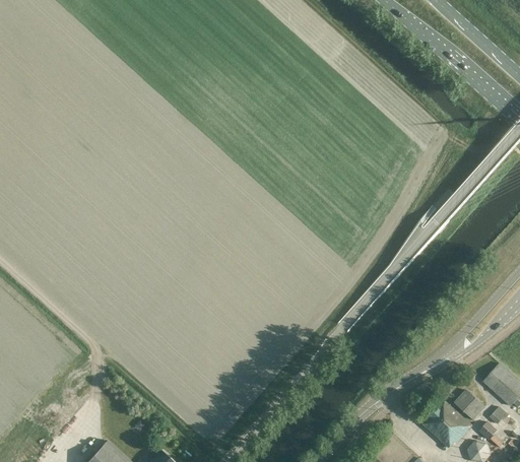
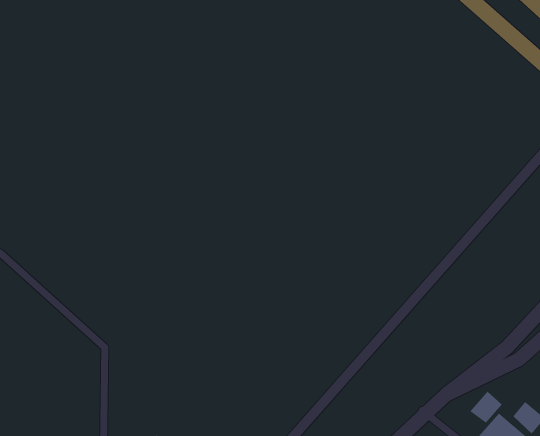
building: none -> [470,391,503,424]

